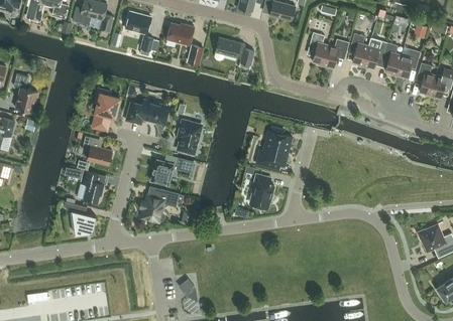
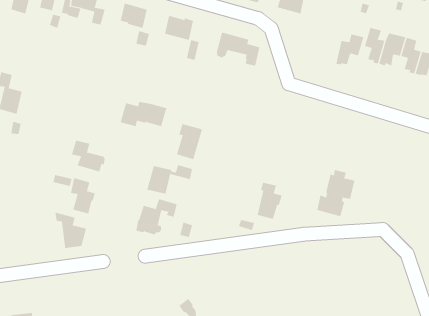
building: [308,32,328,66] -> none
building: [93,90,119,131] -> none
building: [256,127,292,170] -> [317,169,355,217]

